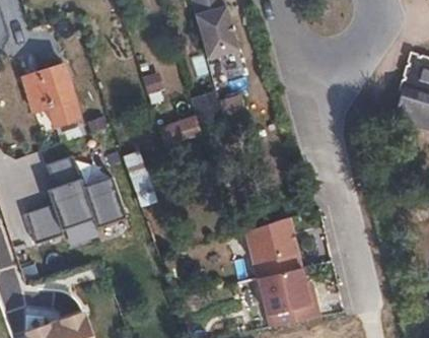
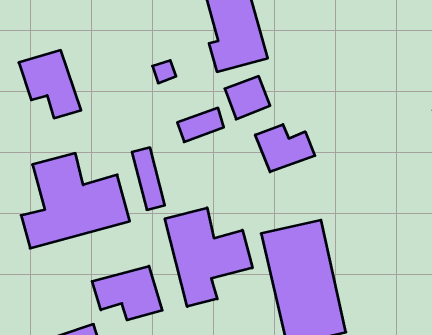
building: none -> [255,124,315,172]
building: none -> [165,208,252,307]
building: none -> [92,266,162,320]

